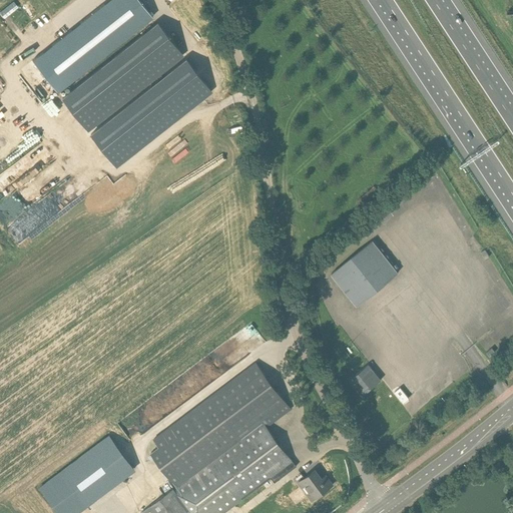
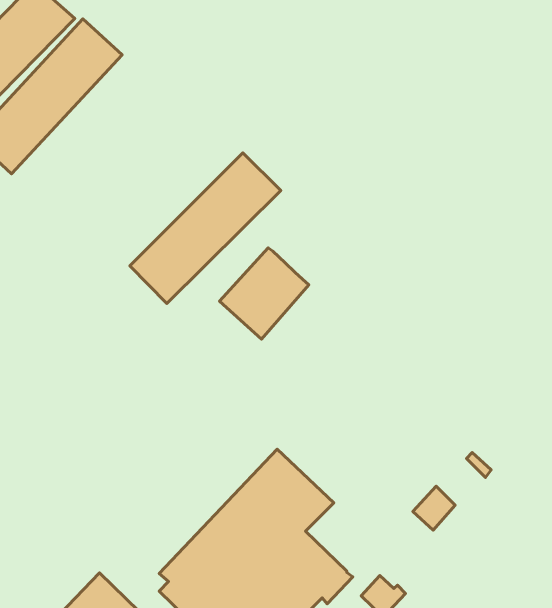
building: [88,65,208,168] -> [130,153,281,303]
building: [330,243,398,311] -> [219,248,309,339]
building: [348,365,380,397] -> [413,486,455,530]

